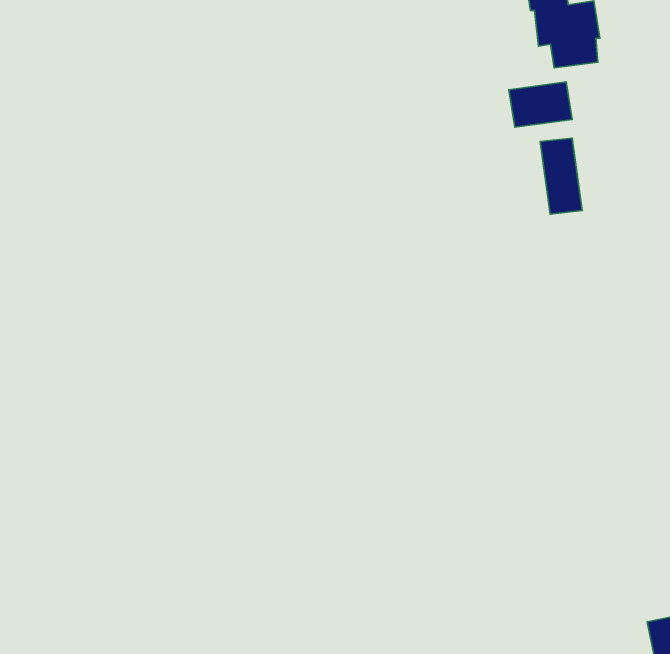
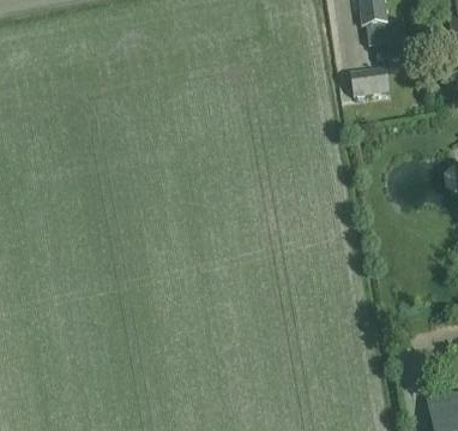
building: [540,138,582,214] -> none

